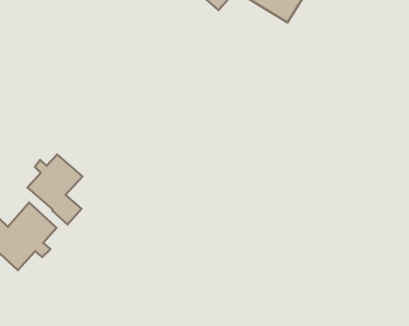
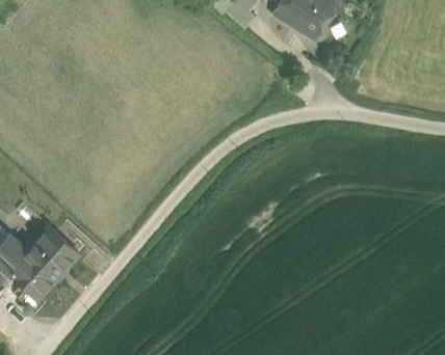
building: [27,154,82,224] -> none

